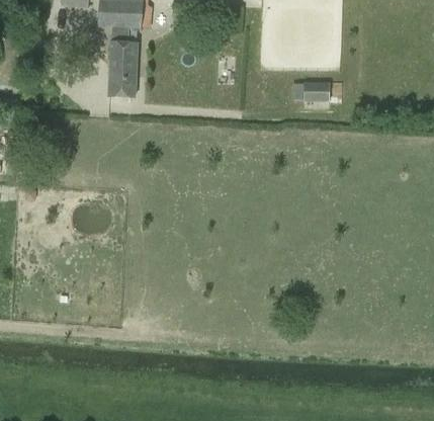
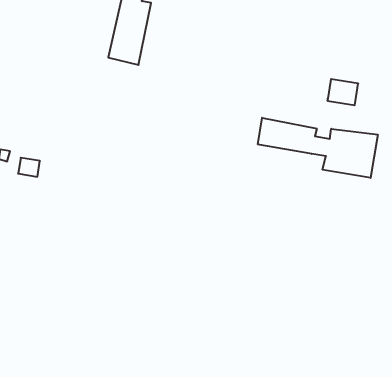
building: none -> [258,118,378,178]

